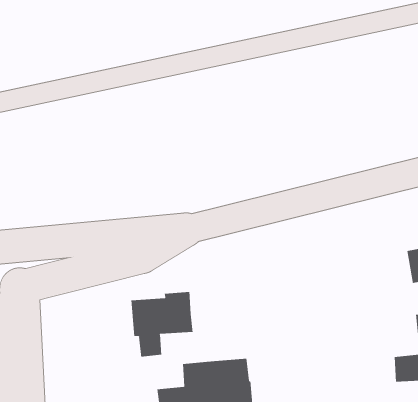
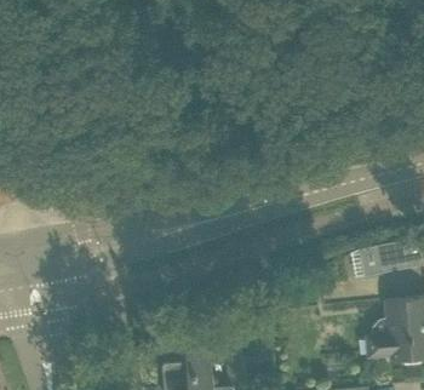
building: [131,291,193,358] -> none

